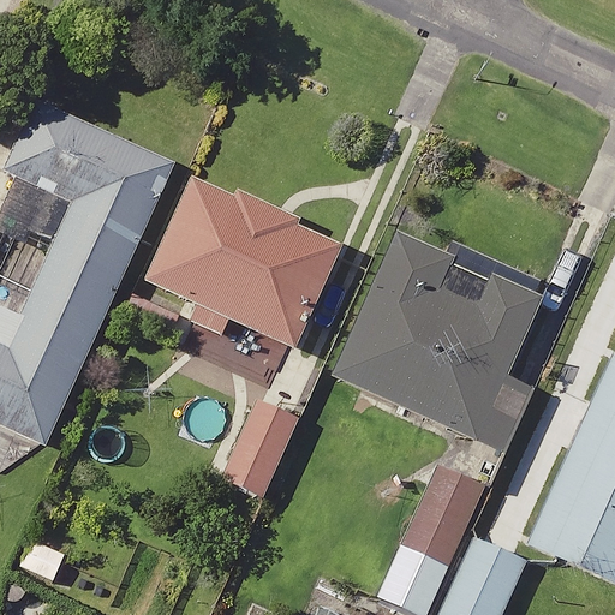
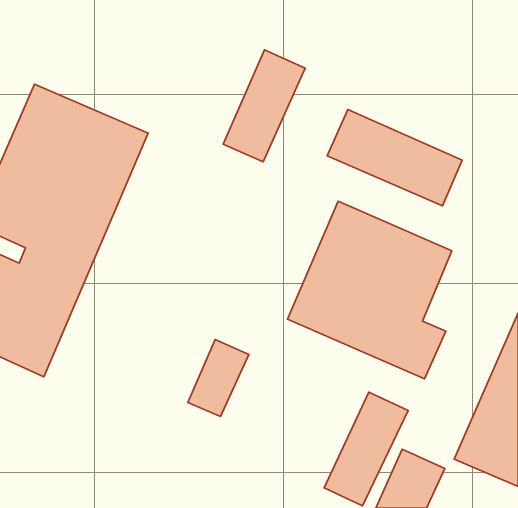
building: none -> [223,50,305,162]
building: none -> [327,110,462,206]
building: [147,178,346,366] -> none

